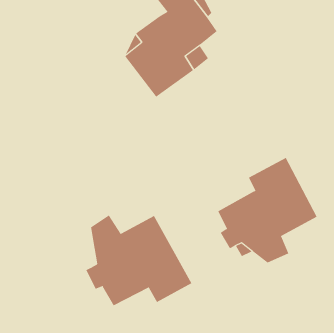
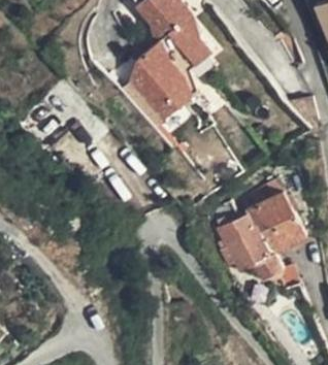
building: [86,215,192,306] -> none

